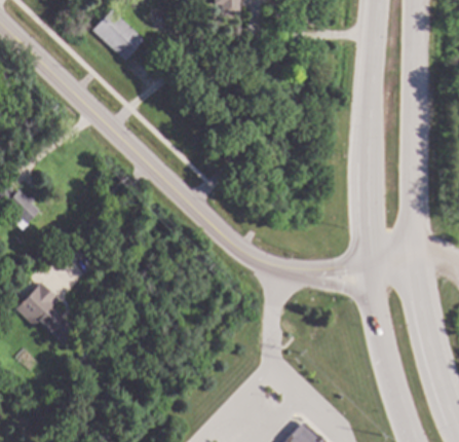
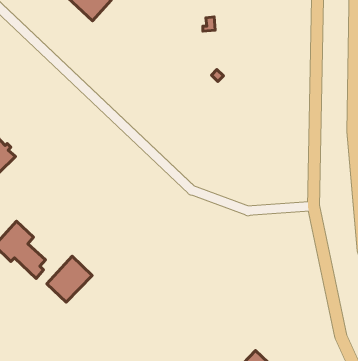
building: none -> [47,256,92,302]

